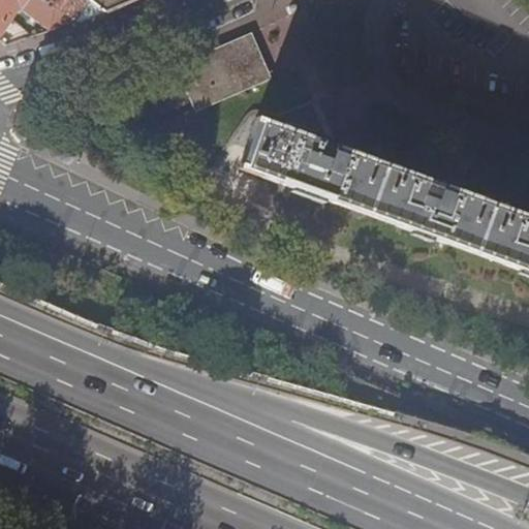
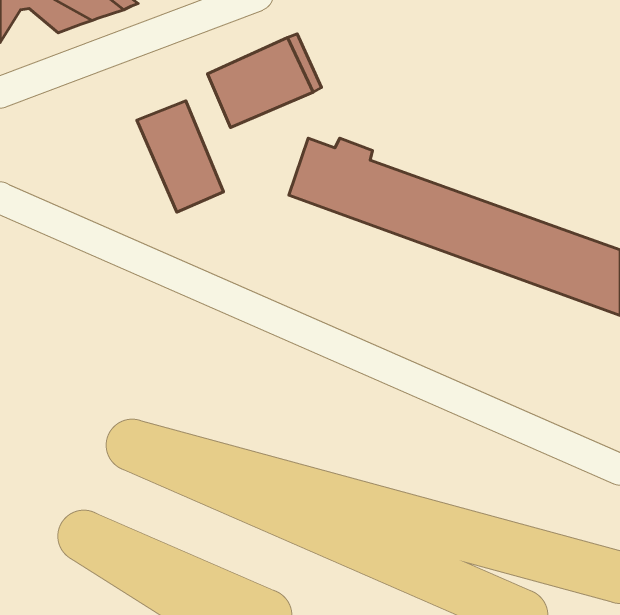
building: none -> [137,101,224,212]

